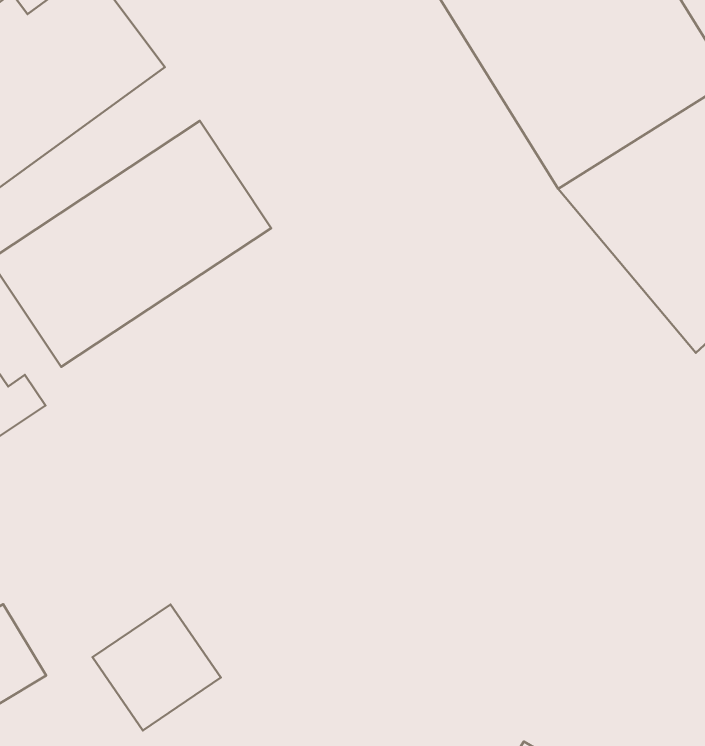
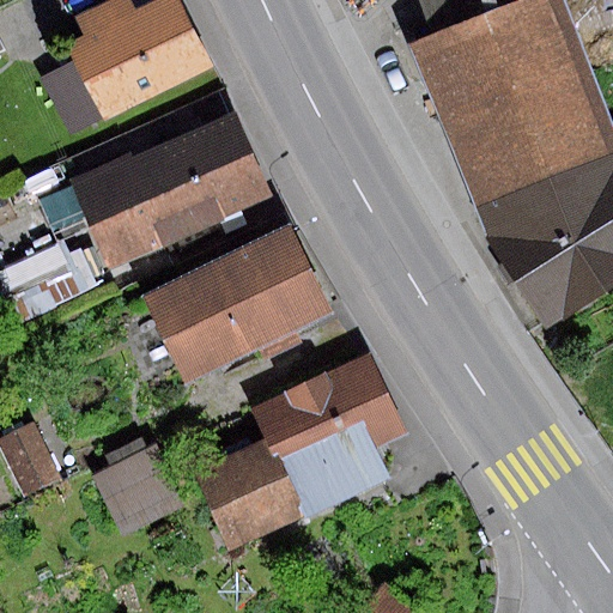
building: none -> [141,223,328,381]
building: none -> [194,352,402,546]

